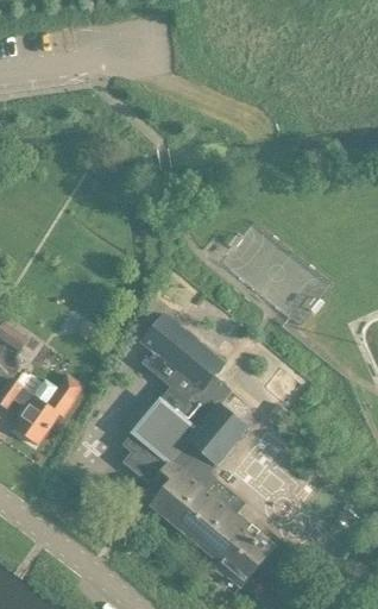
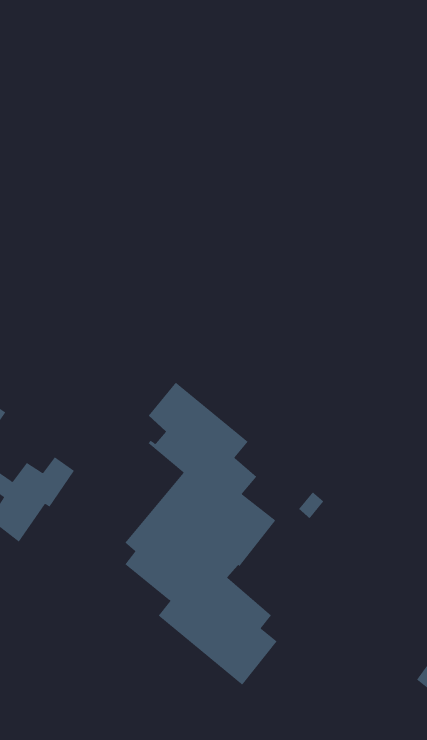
building: [216,526,273,586] -> none

